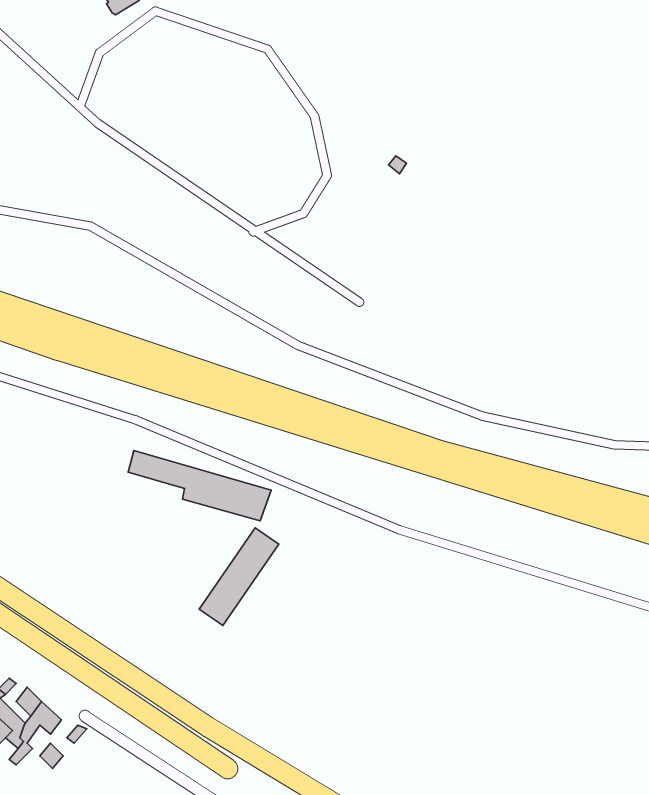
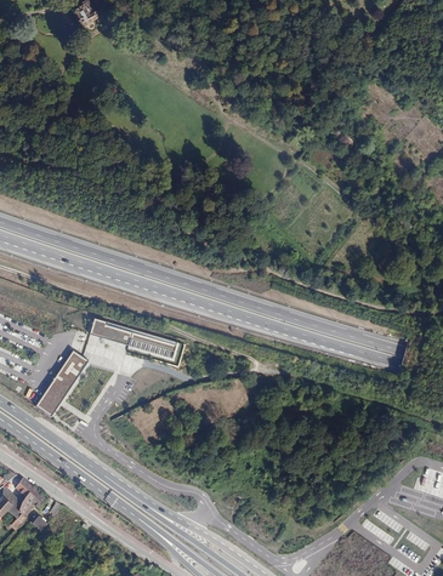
building: [199,528,279,626] -> [35,350,89,416]

